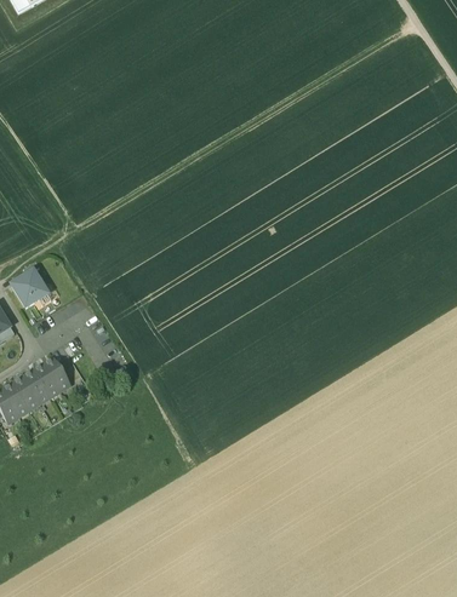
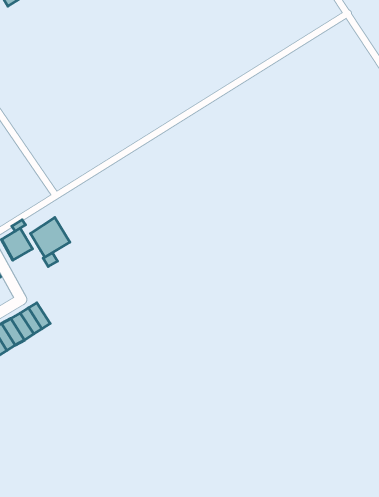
building: none -> [31,218,70,257]

